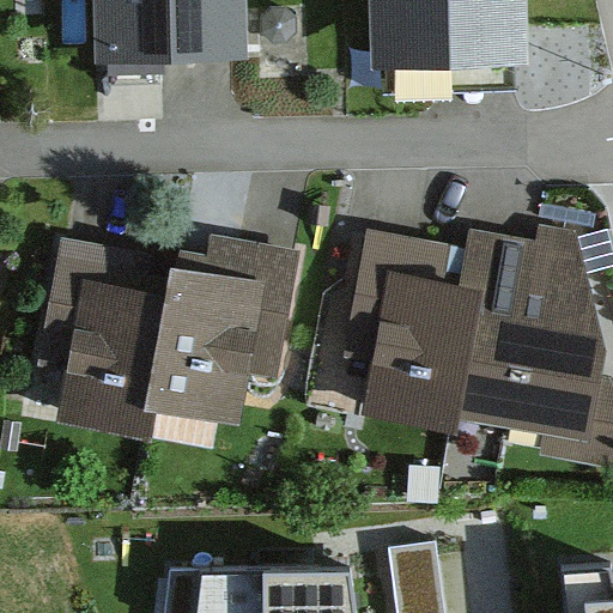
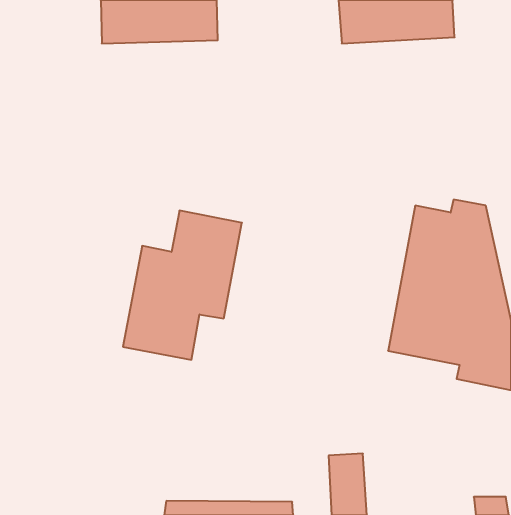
building: [345,239,493,429] -> none
building: [42,254,172,442] -> none

